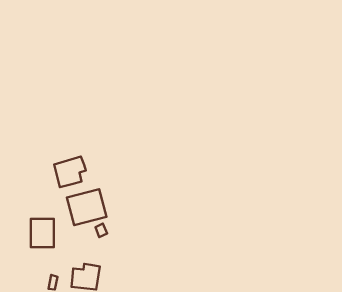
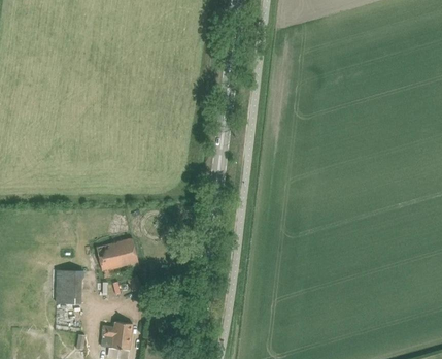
building: [54,157,86,187] -> none

